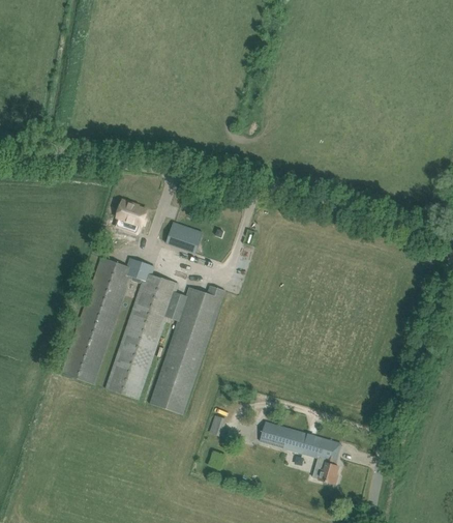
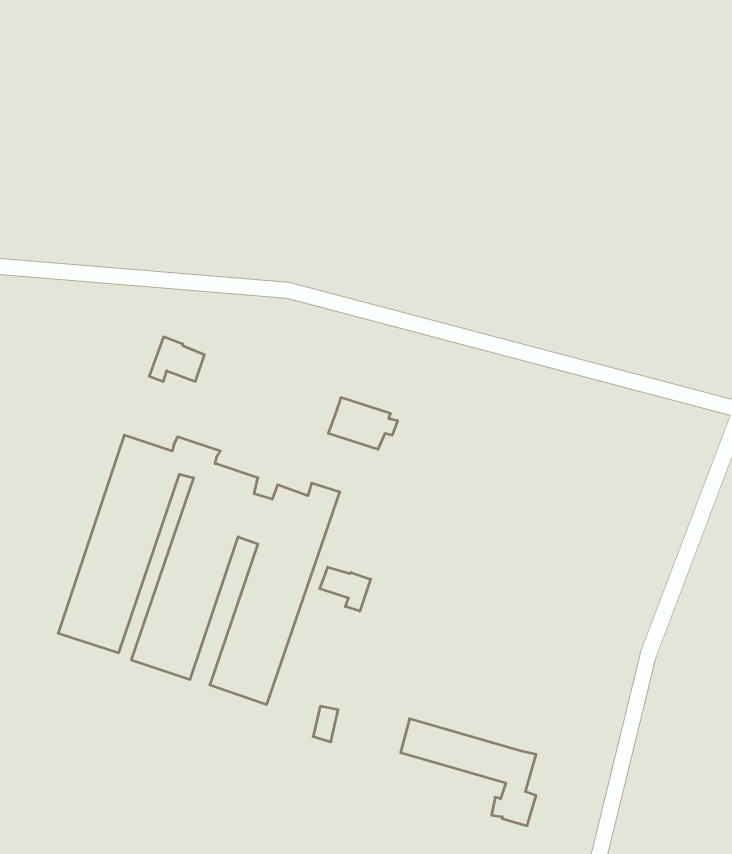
building: [165,223,206,253] -> [328,398,398,449]
building: none -> [320,567,371,611]

